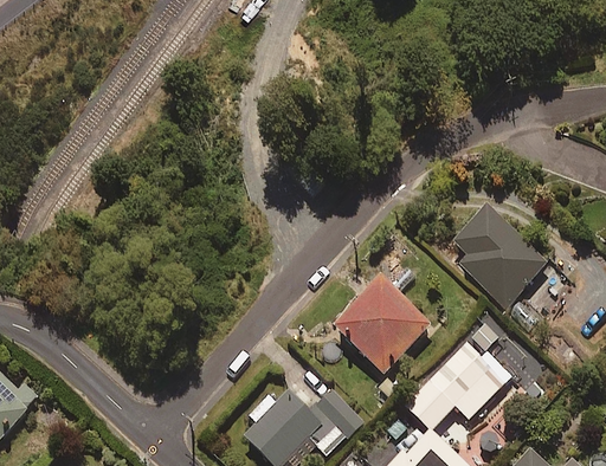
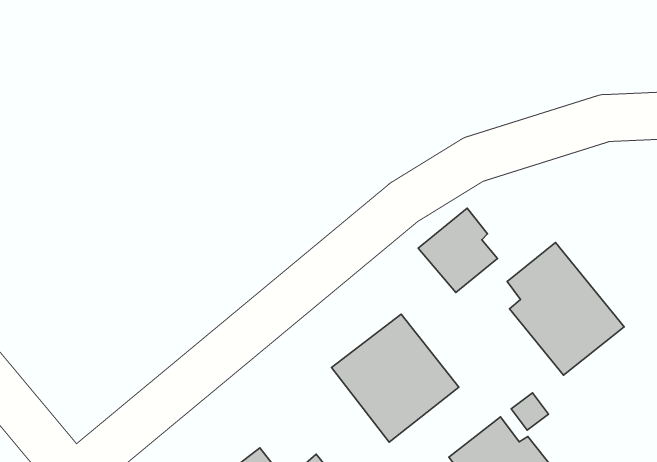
building: none -> [418,208,498,293]

